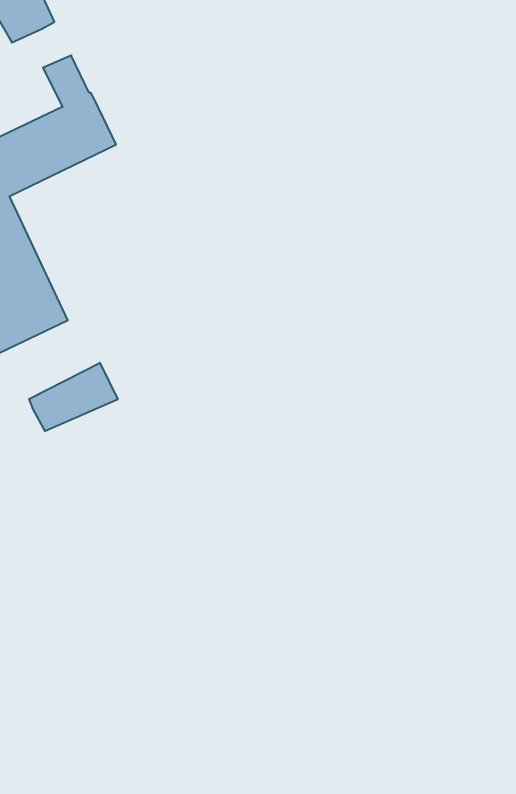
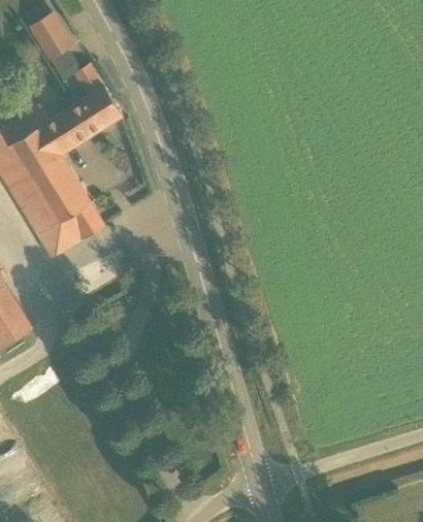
building: [29,363,118,431] -> none

